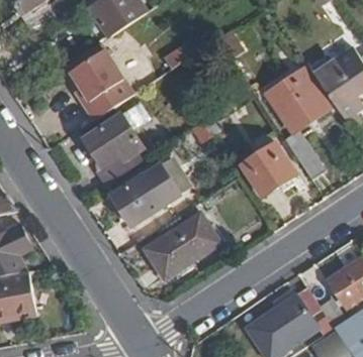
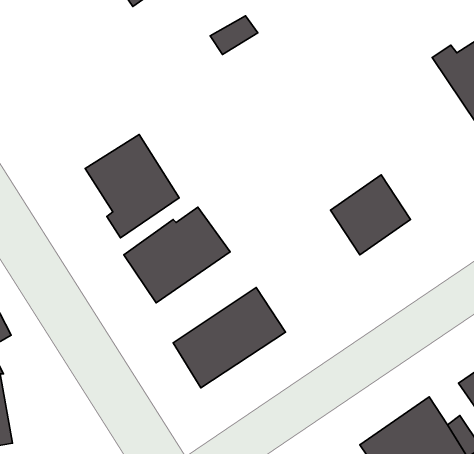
building: [69,51,133,122] -> none
building: [267,70,327,177] -> none

